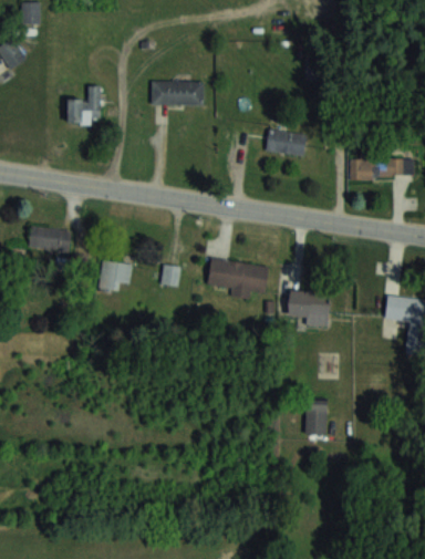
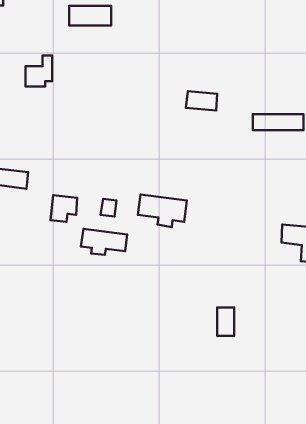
building: [152,81,204,105] -> [69,6,111,25]
building: [288,291,330,325] -> none
building: none -> [81,229,127,255]

